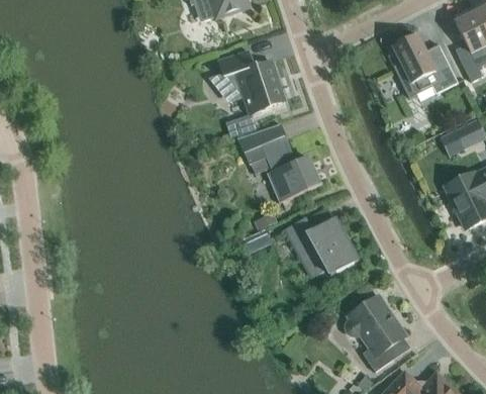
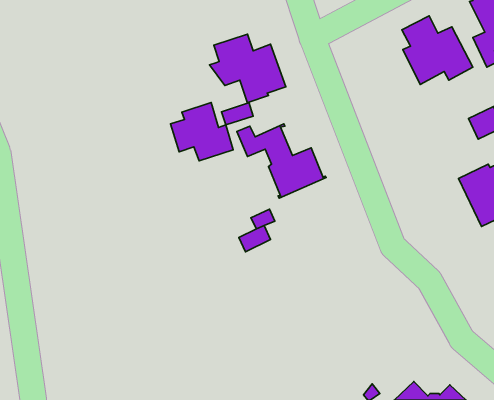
building: none -> [170,102,233,161]
building: [275,216,358,275] -> none
building: [345,293,406,371] -> none

